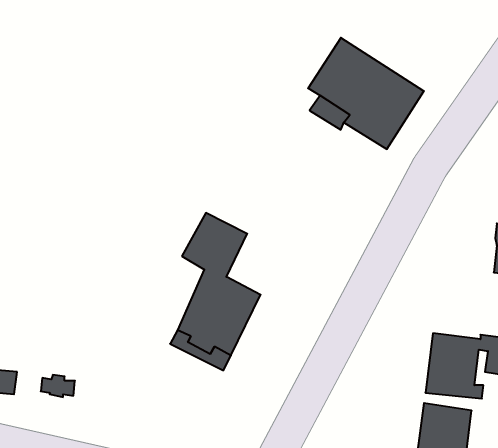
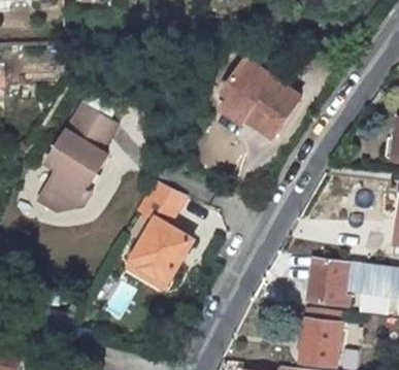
building: none -> [34,108,111,212]

